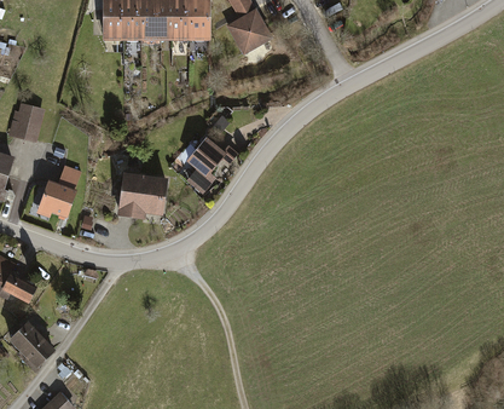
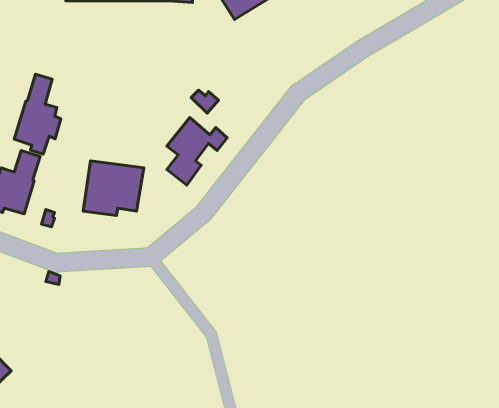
building: none -> [14,74,61,154]

